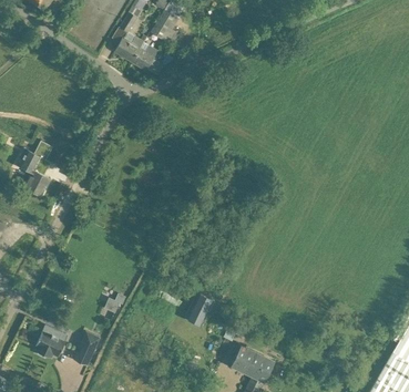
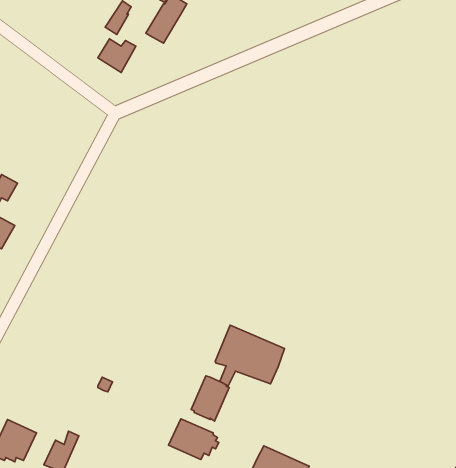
building: [133,42,163,74] -> none
building: none -> [215,325,284,386]
building: none -> [169,419,219,459]

